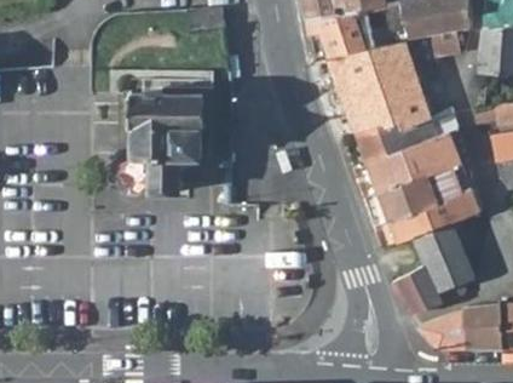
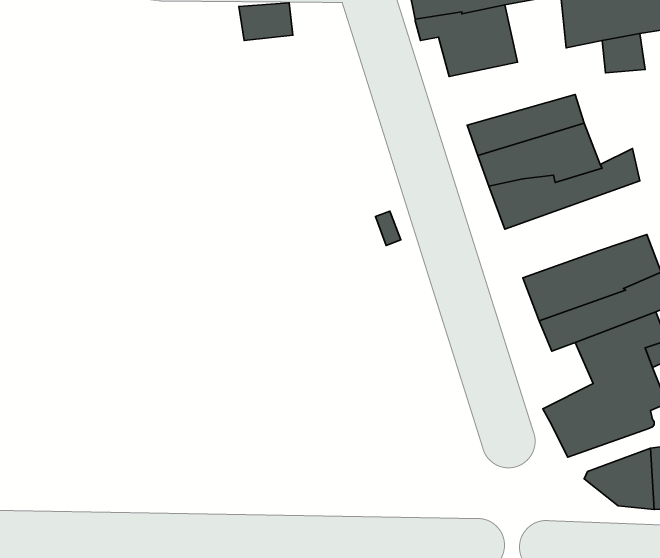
building: [328,39,413,87] -> none
building: [127,88,204,195] -> none
building: [365,125,461,190] -> none

